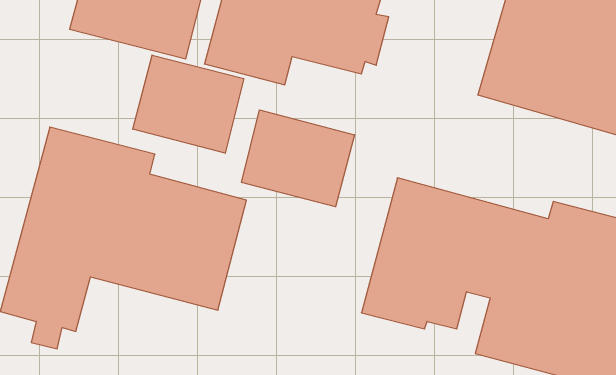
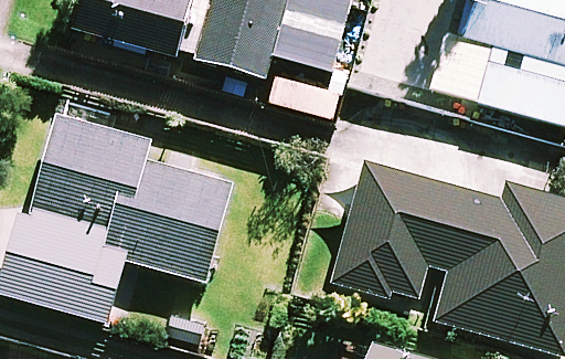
building: [133,55,244,153] -> none
building: [242,110,355,207] -> none

